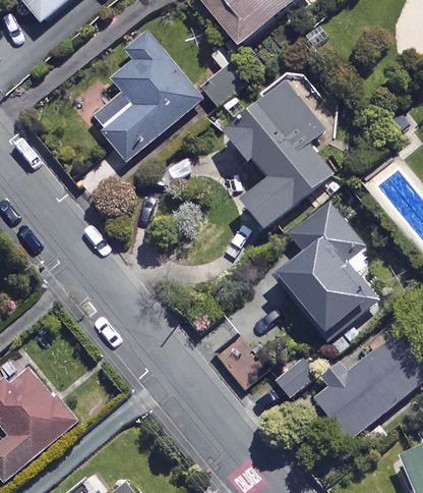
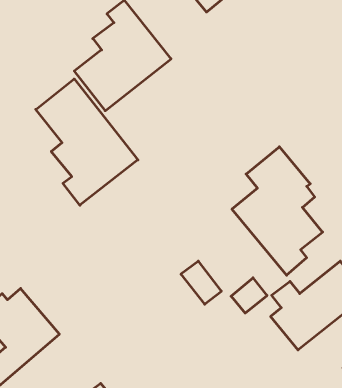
building: [224,74,337,231] -> none
building: none -> [36,79,138,205]

